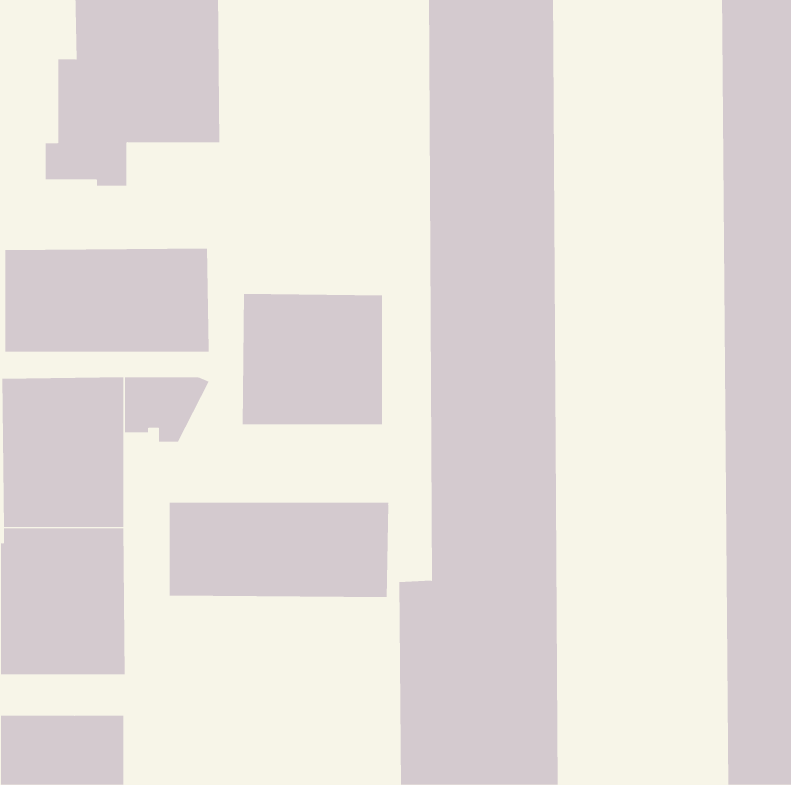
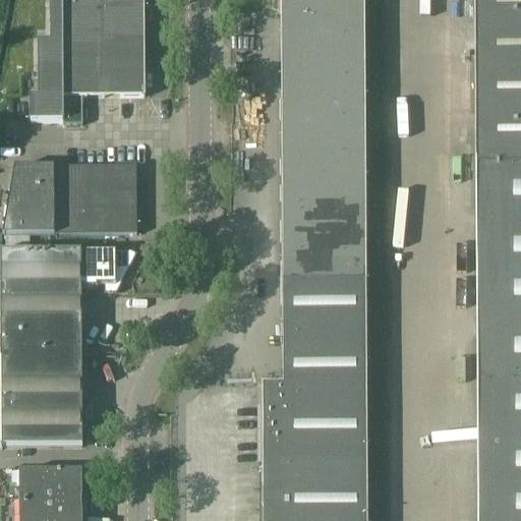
building: [242,293,382,425] -> none
building: [169,502,389,598] -> none

